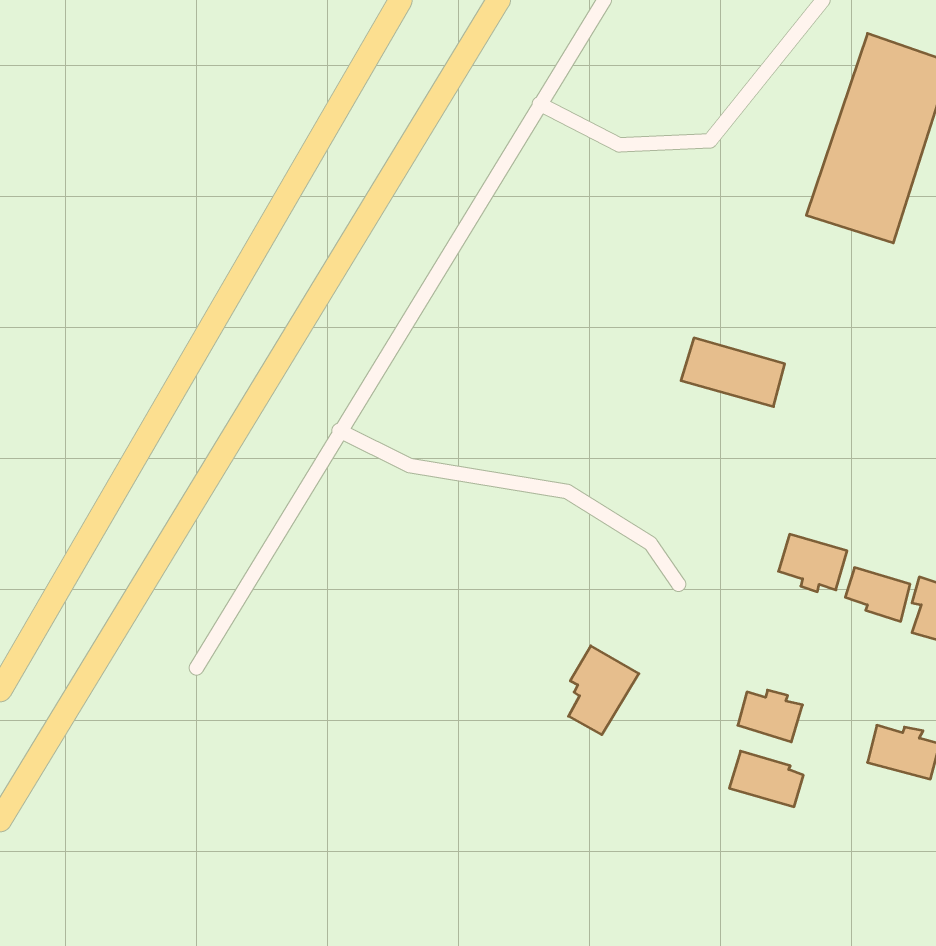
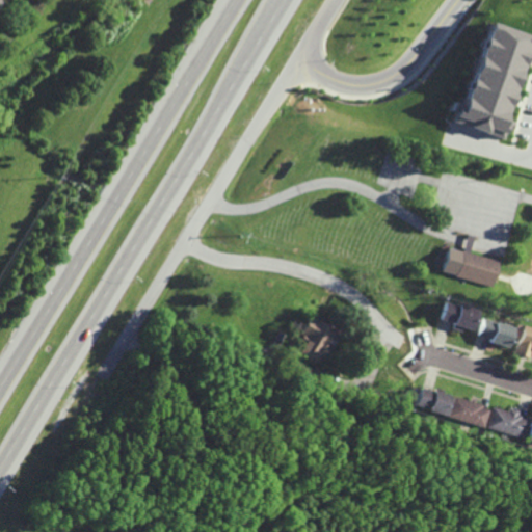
building: [681,338,785,407] -> [444,249,502,288]
building: [568,646,639,735] -> [301,315,341,365]
building: [729,751,803,807] -> [452,397,494,428]

